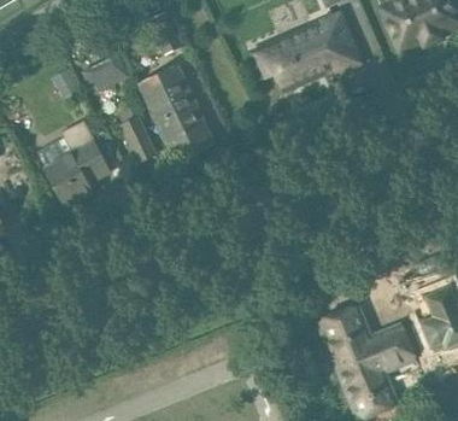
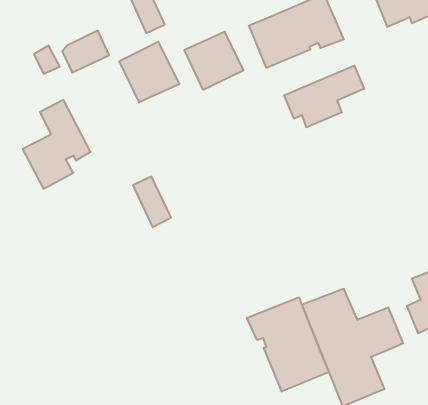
building: none -> [284,65,364,127]
building: [158,104,216,160] -> [184,32,244,90]
building: [121,117,158,166] -> [133,177,171,227]
building: none -> [247,297,329,392]

